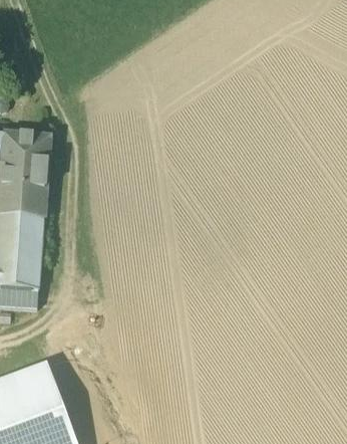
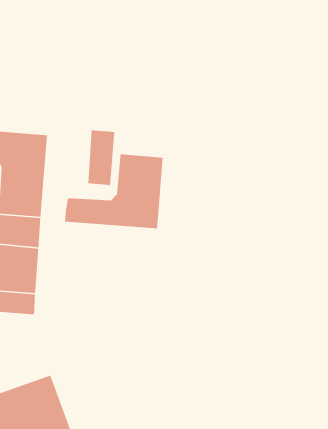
building: none -> [87,129,115,186]
building: none -> [64,154,163,229]

